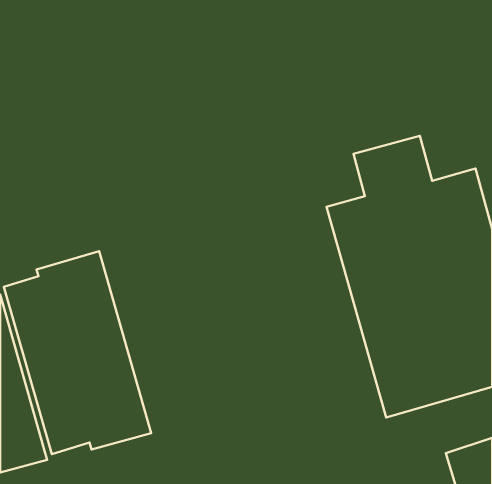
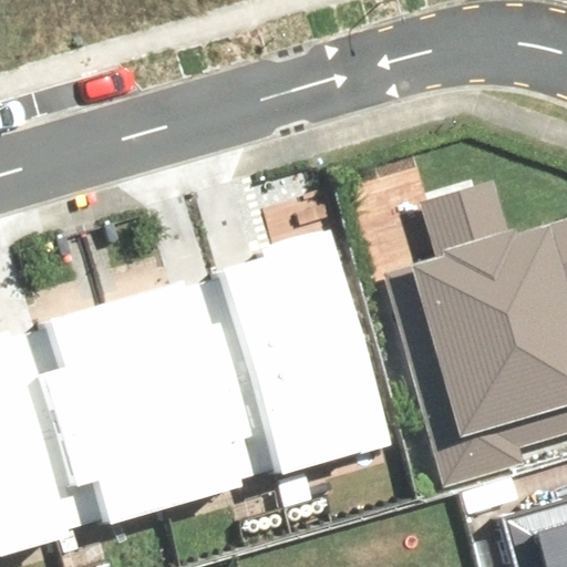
building: none -> [239,234,402,465]
building: none -> [123,268,292,508]

